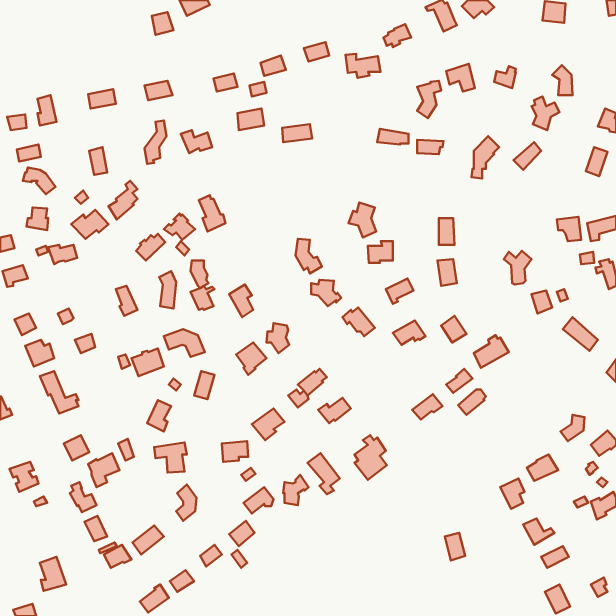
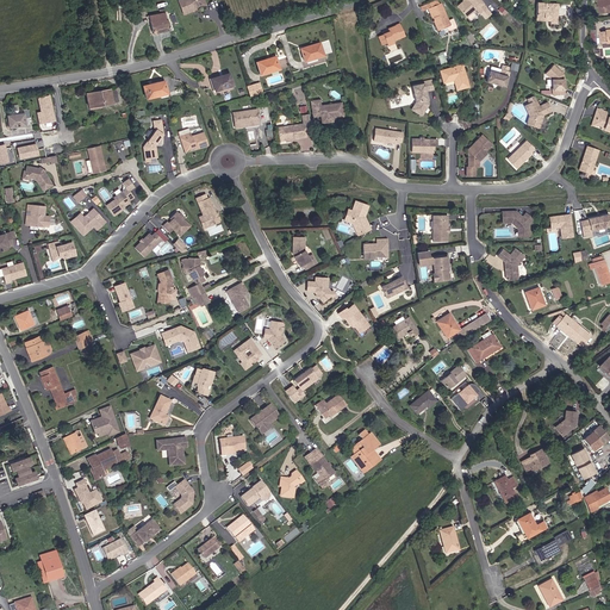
building: [345,54,380,78] -> [311,99,346,123]
building: none -> [503,210,534,237]
building: none -> [92,406,120,438]

